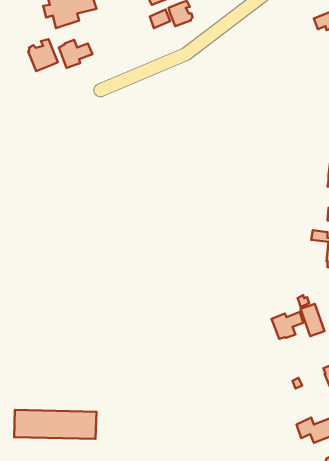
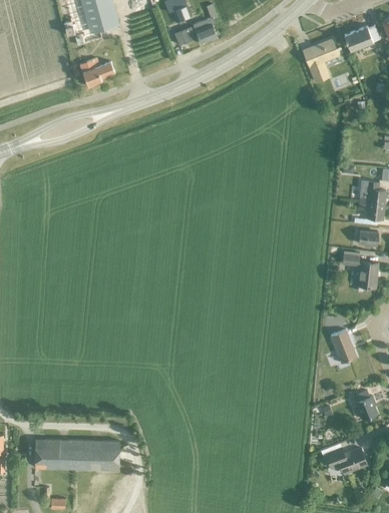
building: none -> [304,39,338,81]
building: [28,39,58,71] -> none
building: [272,312,303,339] -> none

